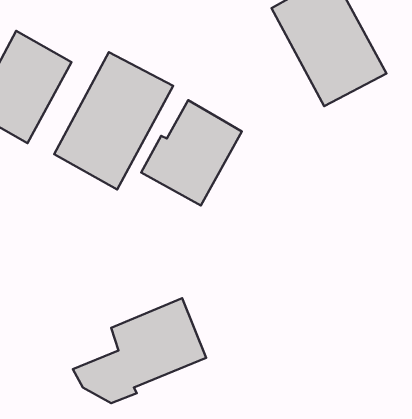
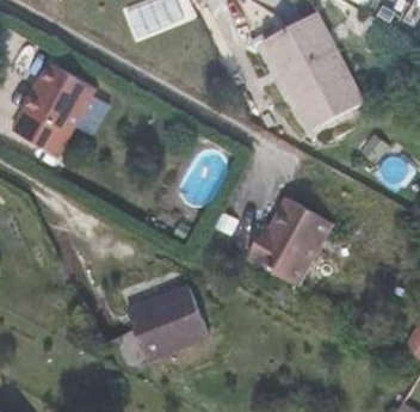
building: [54,52,173,189] -> none
building: [141,100,242,205] -> [247,196,332,284]

